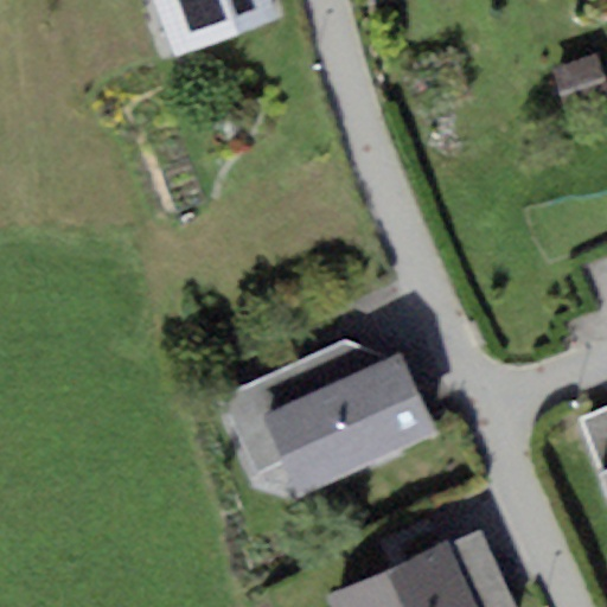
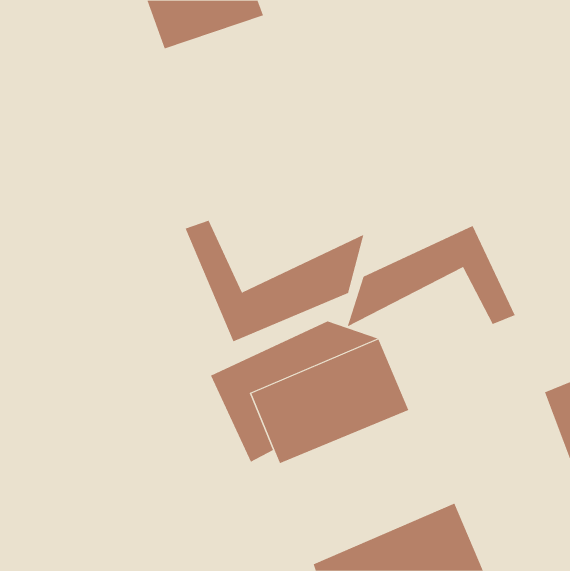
building: none -> [185,220,364,342]
building: none -> [347,225,515,327]

